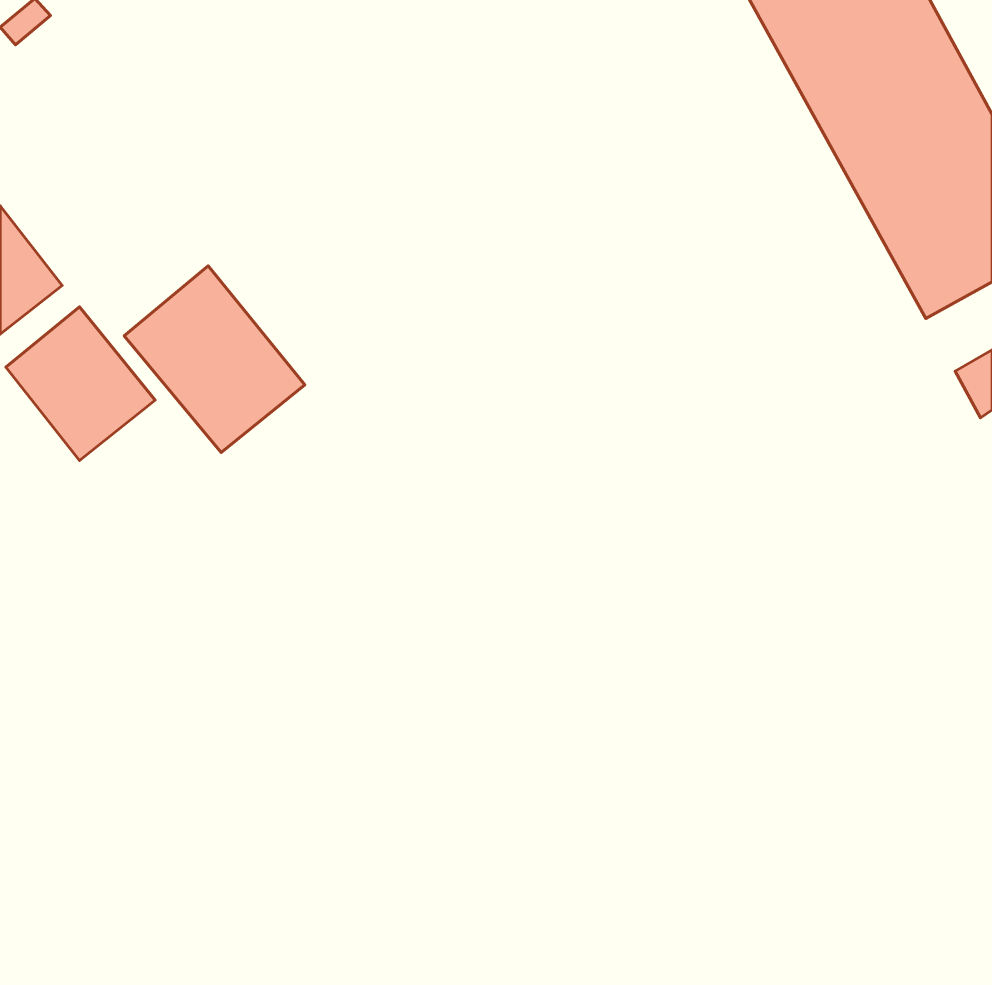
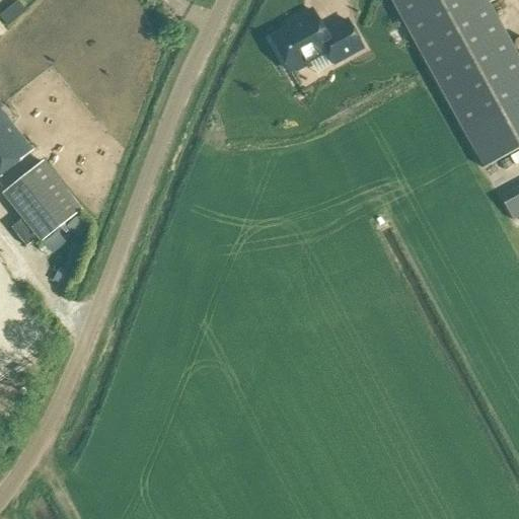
building: none -> [271,9,362,69]
building: [124,266,305,453] -> none

